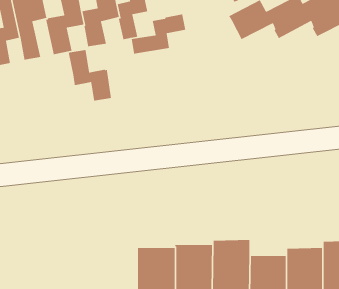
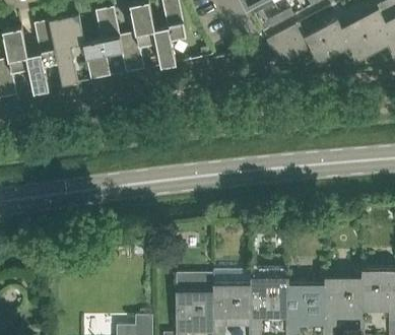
building: [131,13,186,54] -> none
building: [68,49,112,102] -> none

